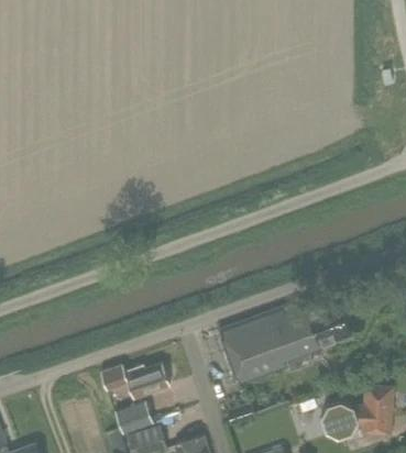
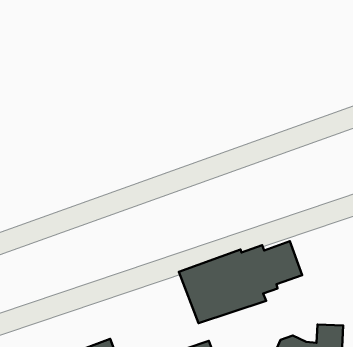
building: [100,364,168,398] -> none

